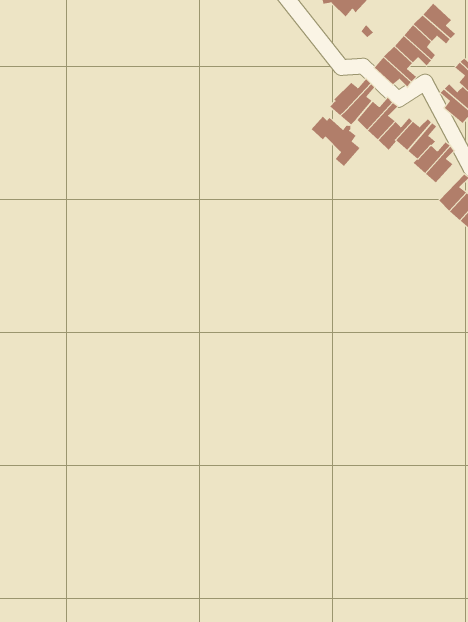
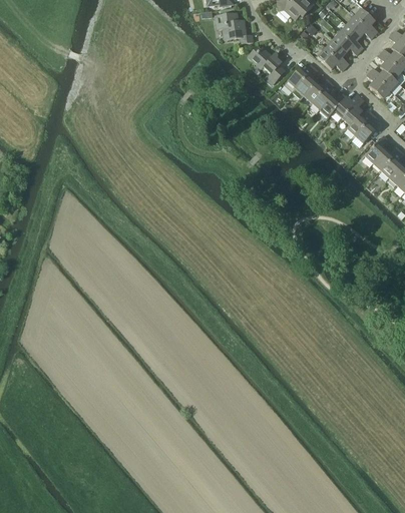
building: none -> [217,13,255,44]
building: [311,116,360,167] -> [249,46,286,84]

